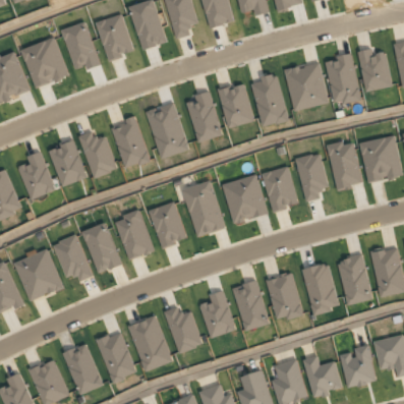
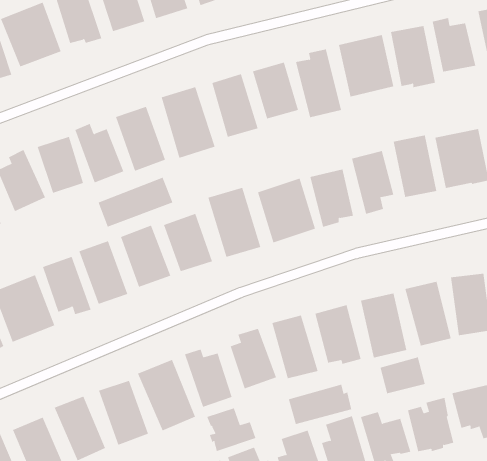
building: none -> [98,177,173,227]
building: none -> [380,356,425,394]
building: none -> [288,384,352,425]
building: none -> [206,407,256,452]

